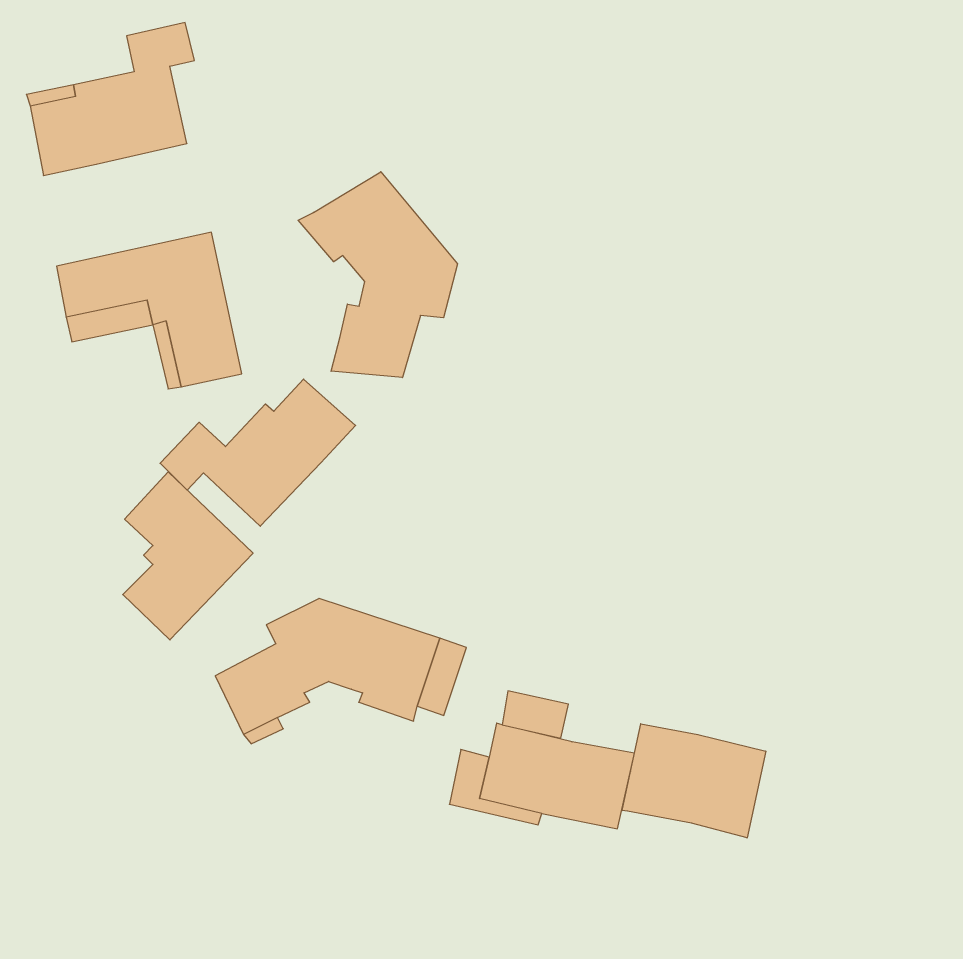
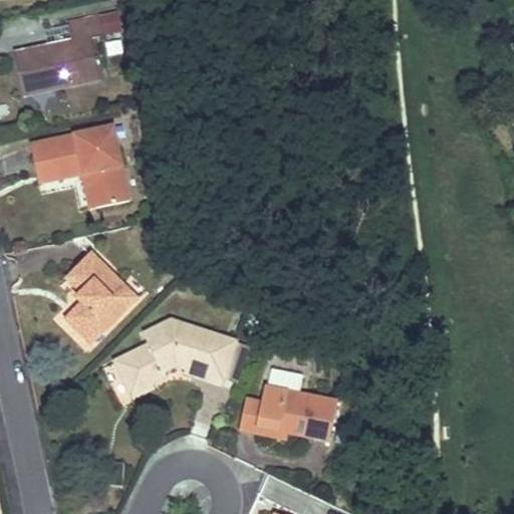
building: [298,172,457,378] -> none
building: [160,379,356,526] -> none
building: [622,724,766,838] -> none

